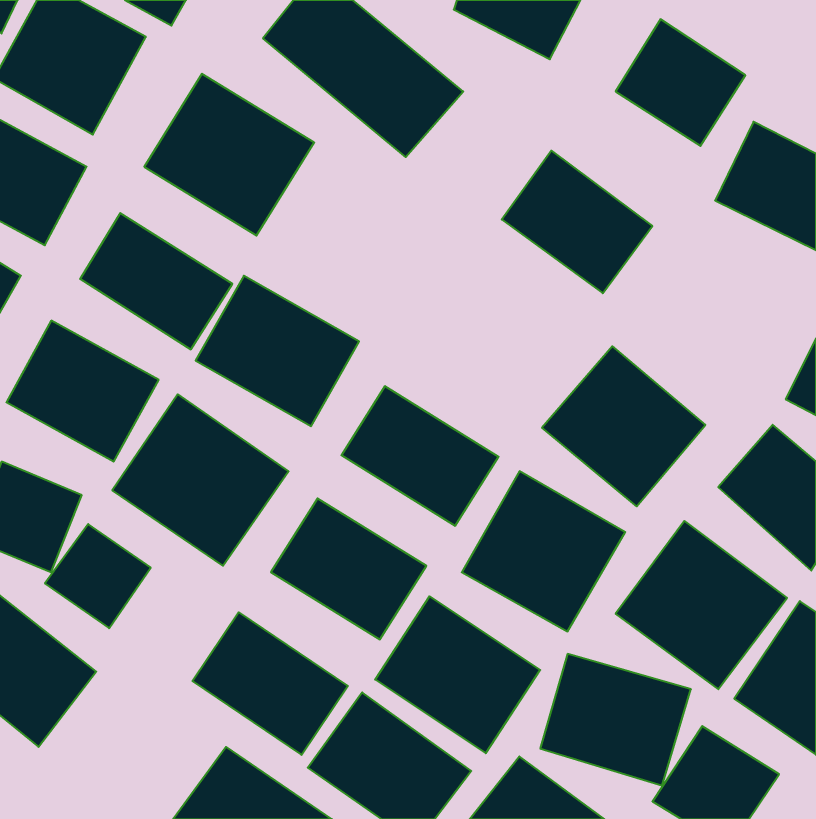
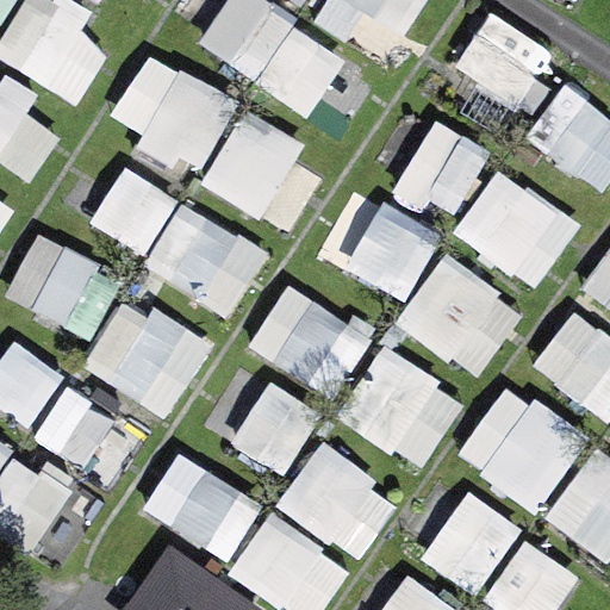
building: none -> [201,117,331,238]
building: none -> [459,173,581,288]
building: none -> [344,205,438,299]

